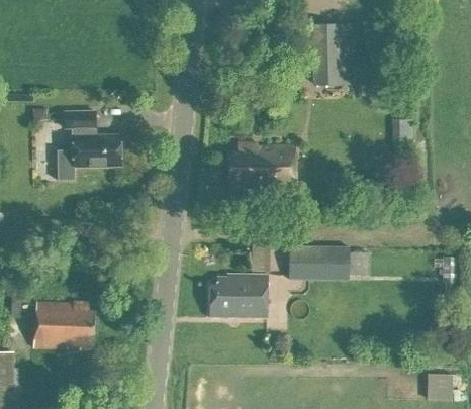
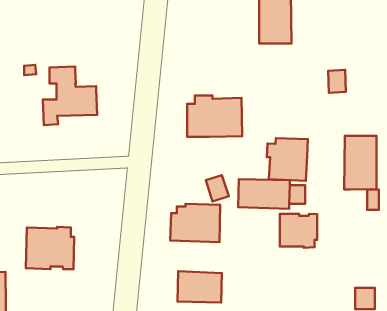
building: none -> [344,136,377,190]
building: none -> [267,138,308,181]
building: none -> [280,214,317,248]
building: none -> [177,271,222,302]

